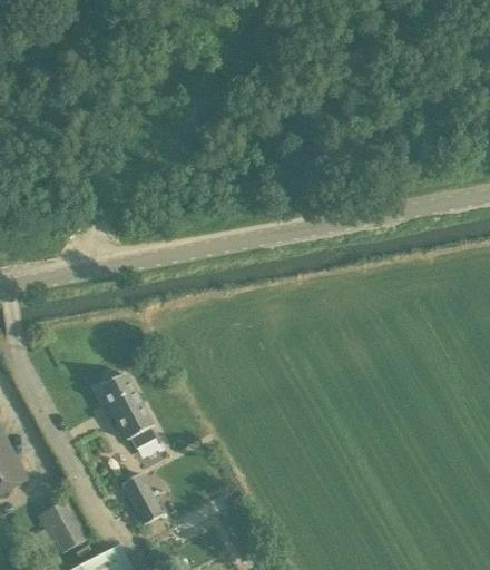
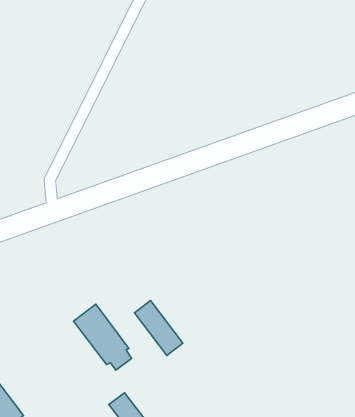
building: none -> [135,300,183,356]

